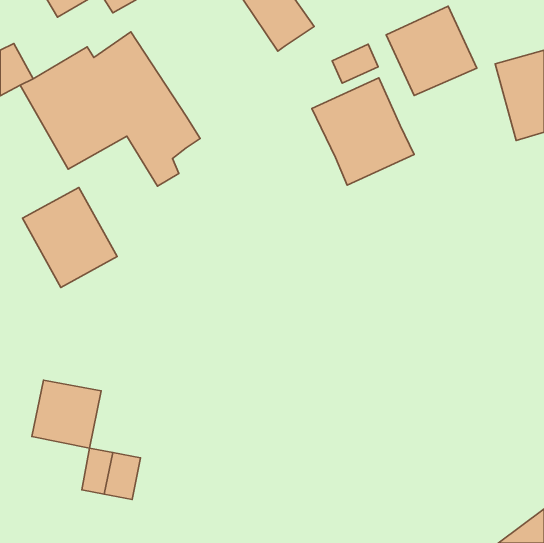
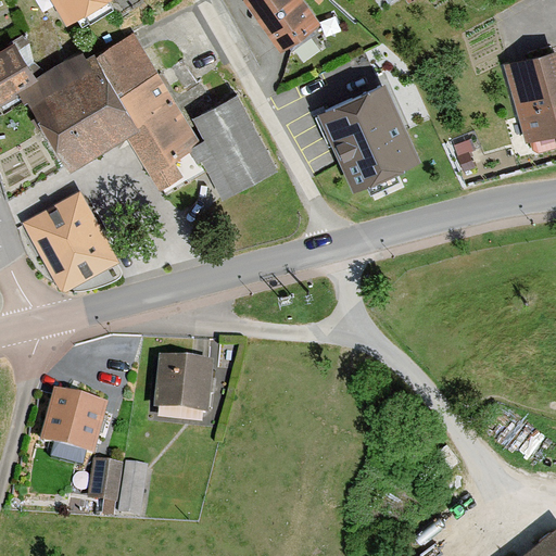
building: [386,6,477,96] -> none
building: [332,44,378,83] -> none
building: none -> [190,96,278,202]
building: none -> [149,357,206,425]

